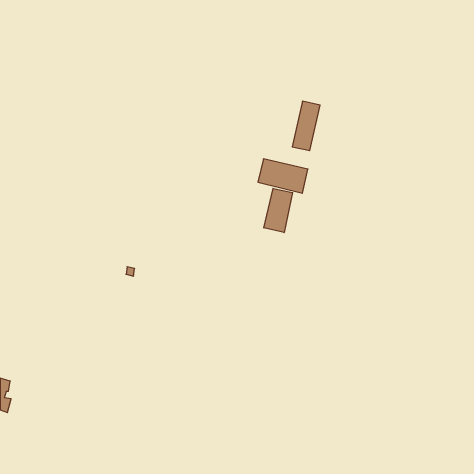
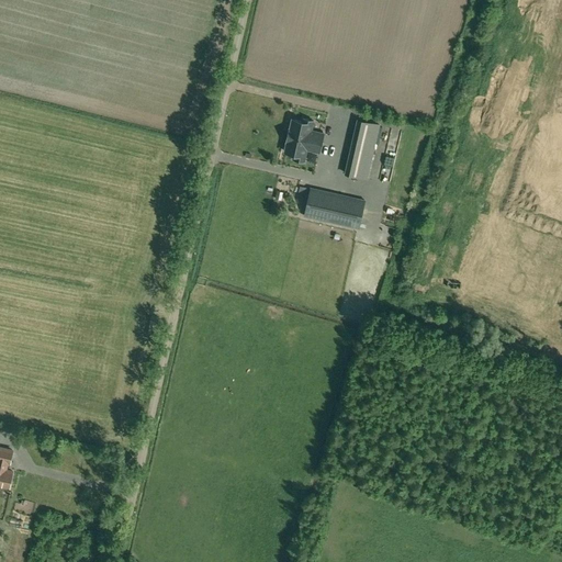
building: none -> [284,120,324,162]
building: [264,188,293,233] -> none

